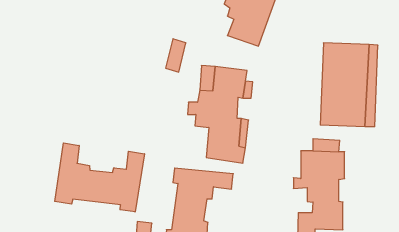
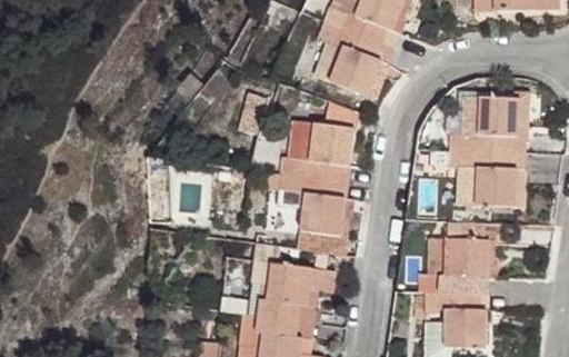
building: [55,143,144,212] -> none

